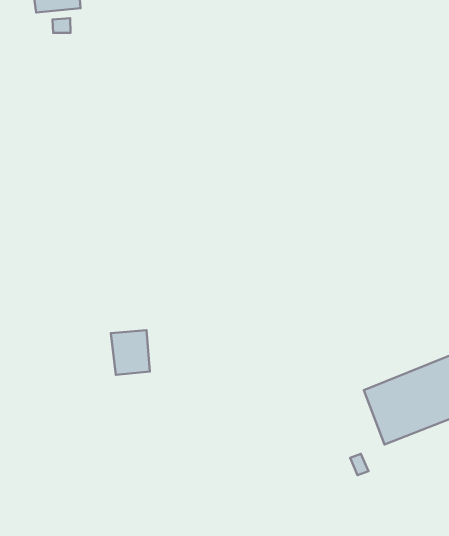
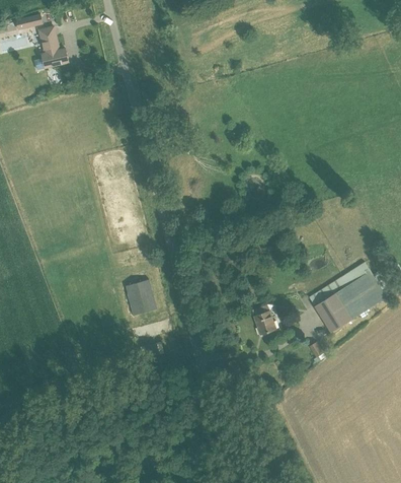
building: none -> [251,305,275,336]

